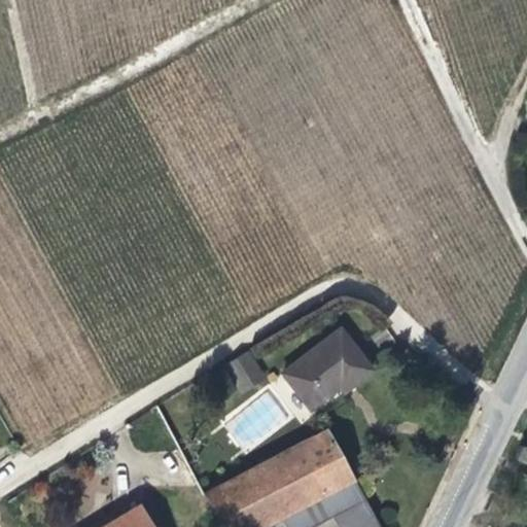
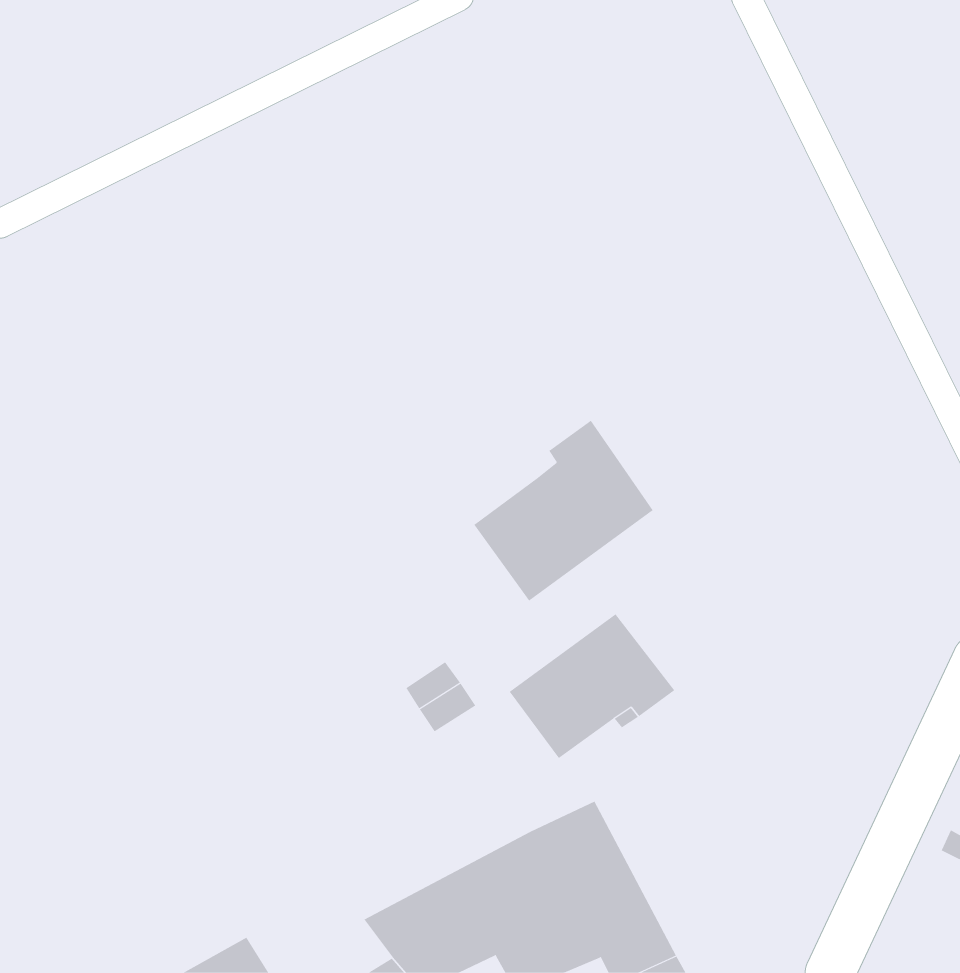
building: none -> [474,420,653,602]

